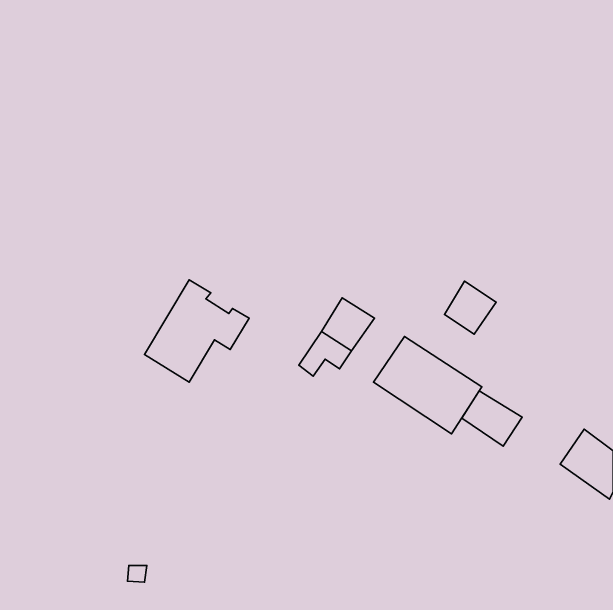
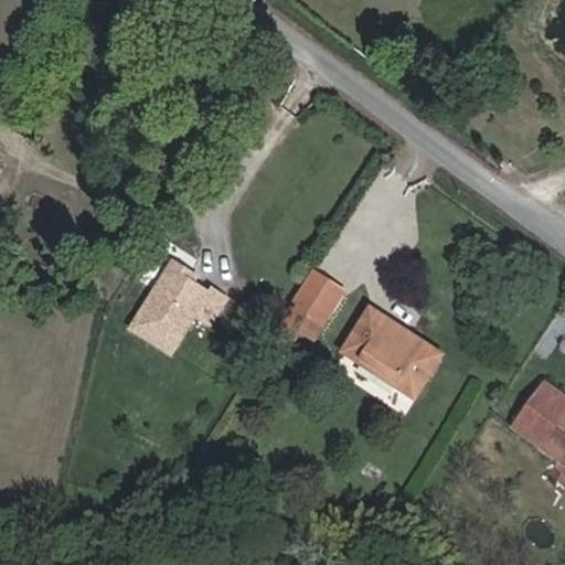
building: [445,281,496,334] -> none
building: [462,391,522,446] -> none

